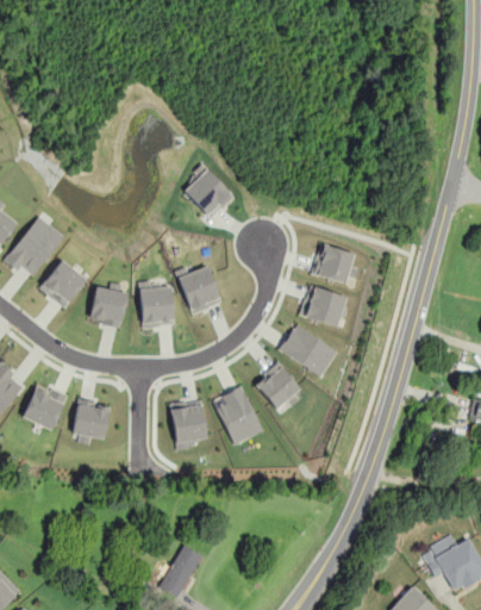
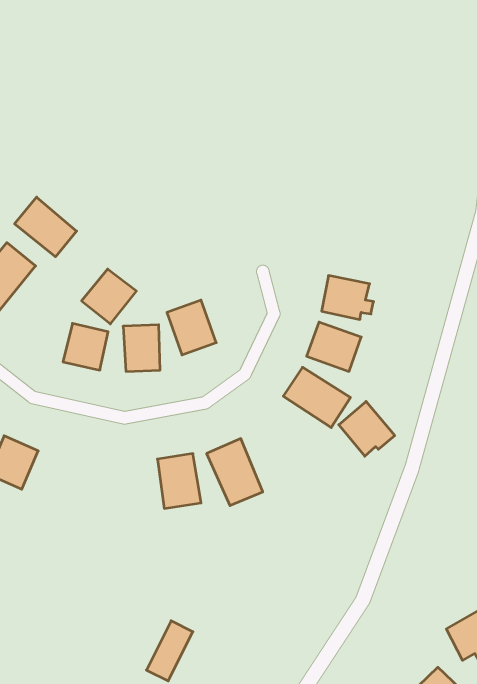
building: [182,166,235,219] -> none
building: none -> [15,197,77,257]
building: [39,260,87,307] -> [82,269,136,324]
building: [255,362,304,410] -> [339,401,395,456]
building: [74,400,110,438] -> none

